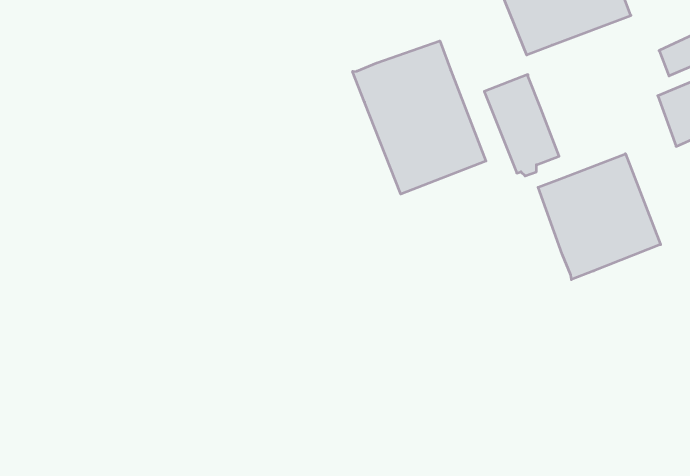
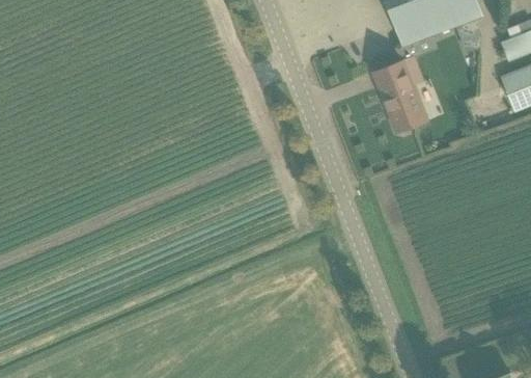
building: [353,41,486,194] -> none
building: [538,154,661,280] -> none

